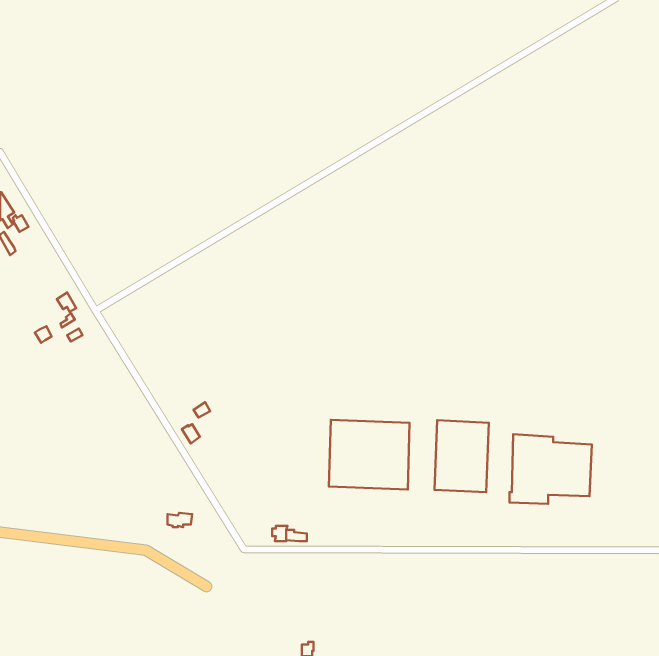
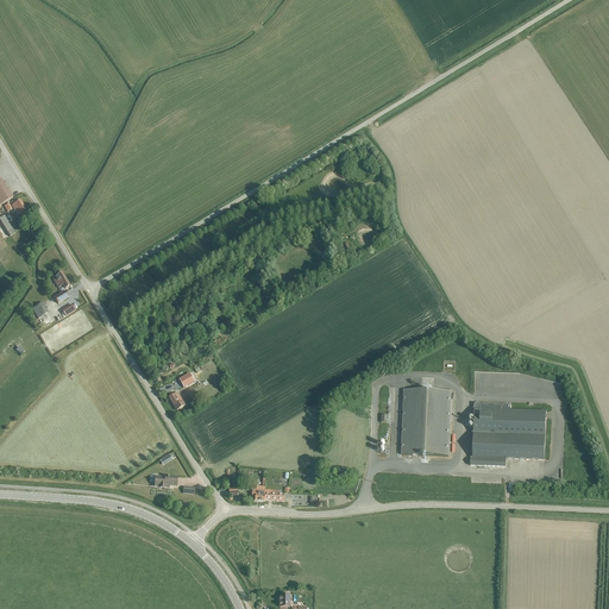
building: [329,420,410,490] -> none

